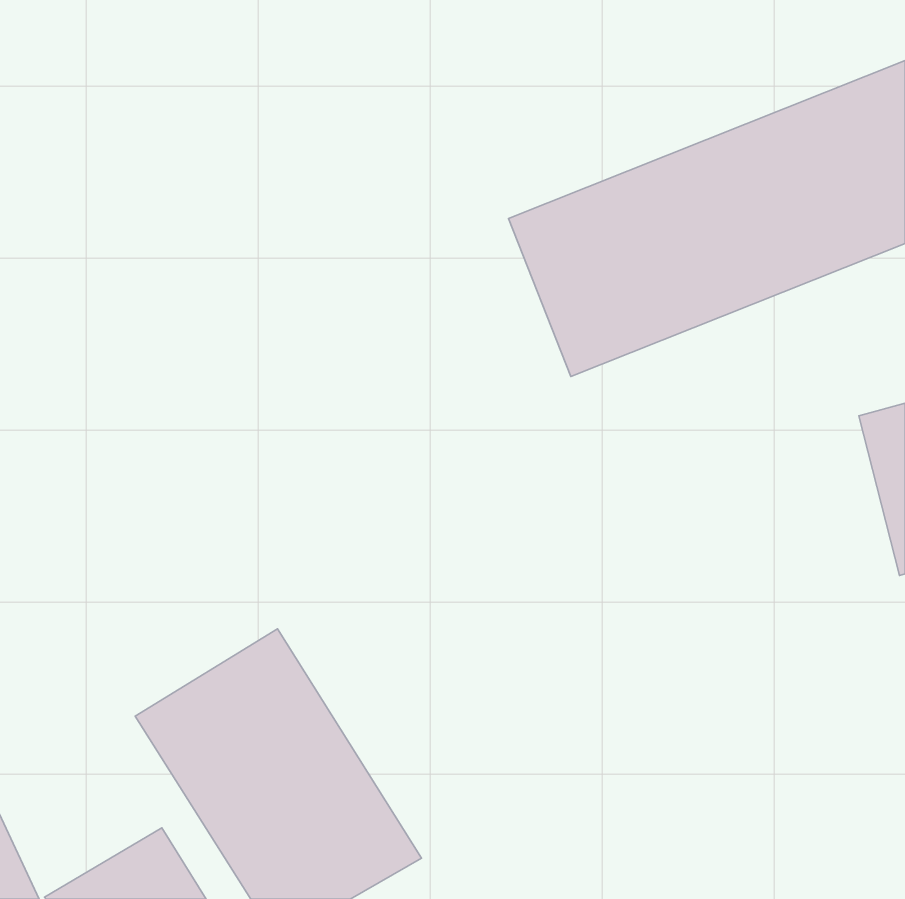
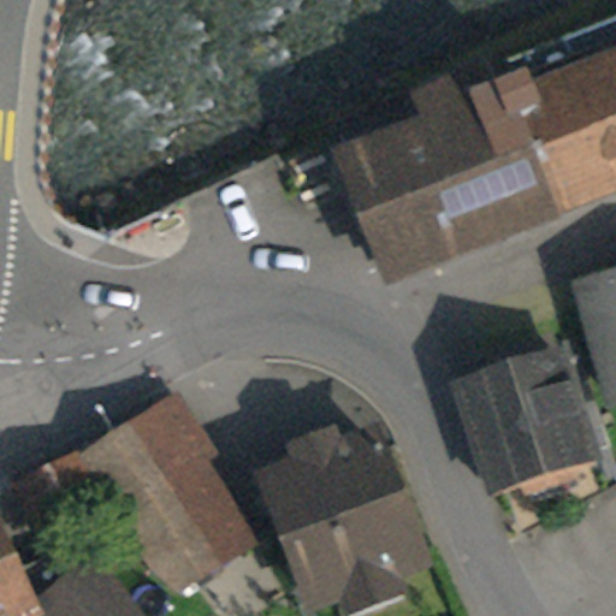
building: none -> [468,353,587,486]
building: none -> [270,439,413,590]

